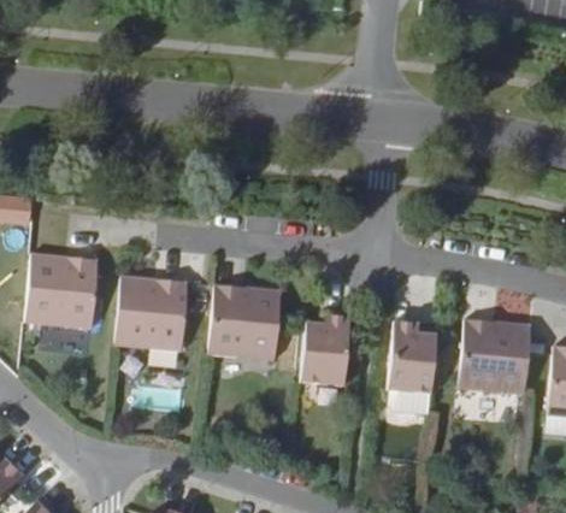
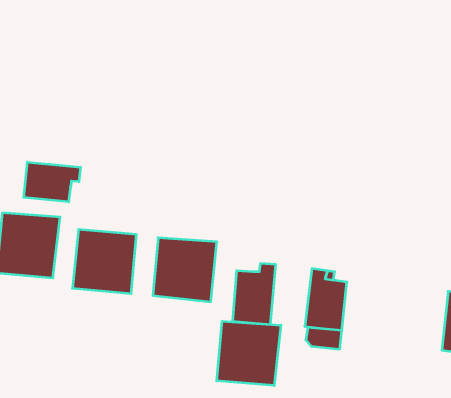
building: none -> [24,162,81,202]
building: [456,319,531,397] -> none
building: none -> [217,321,281,386]

